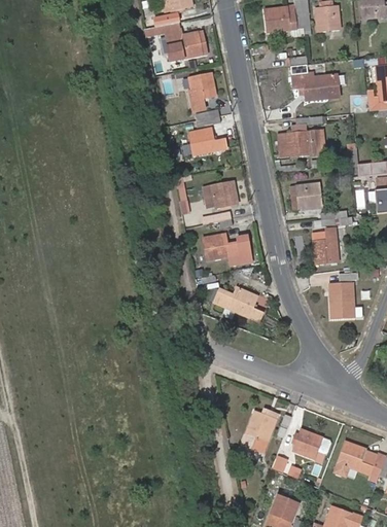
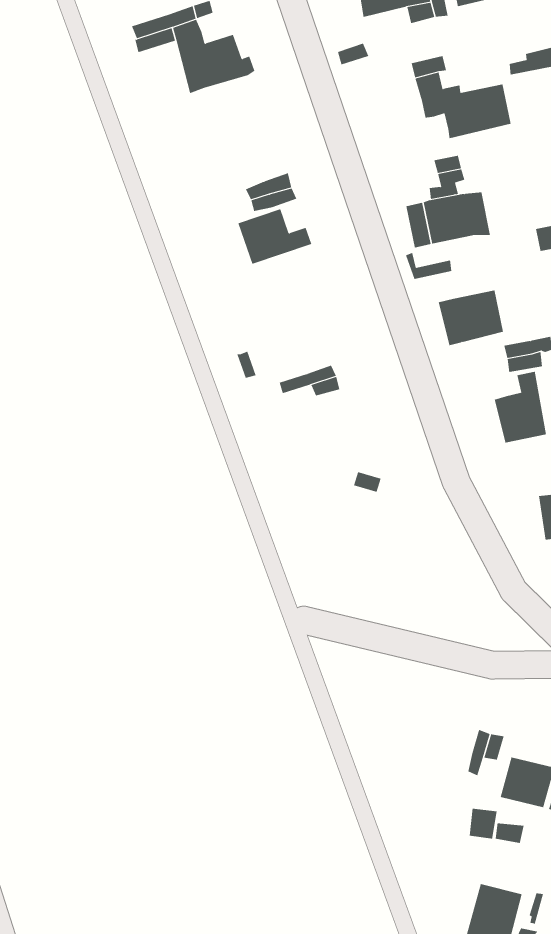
building: [187,73,216,112] -> none
building: [203,180,238,208] -> none
building: [203,233,241,259] -> none
building: [214,286,263,321] -> none
building: [240,411,278,452] -> none

